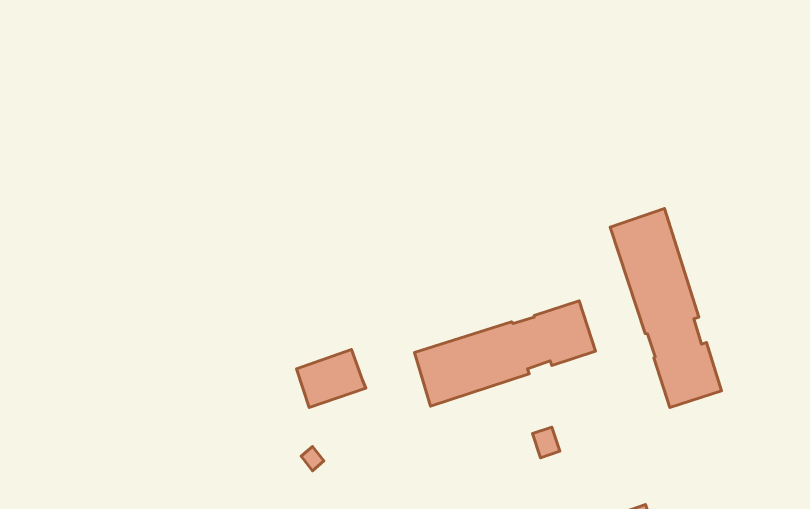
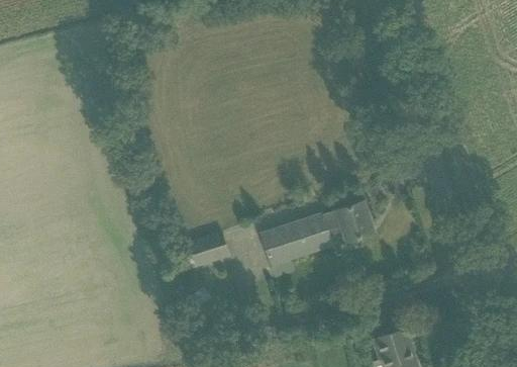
building: [610,208,721,407] -> none

